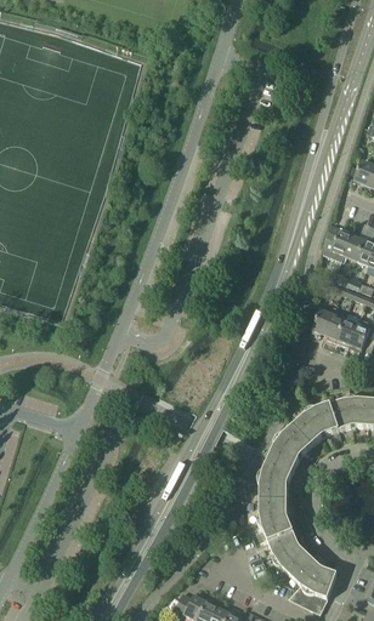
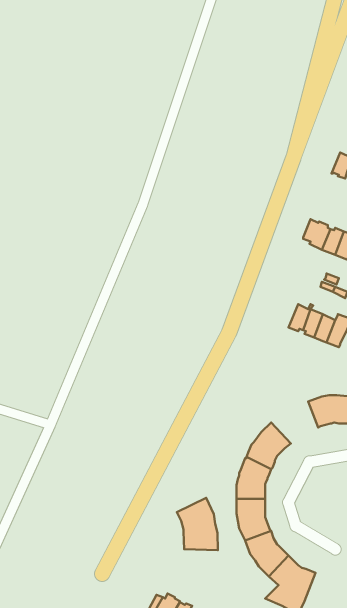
building: [294,404,340,445] -> none
building: none -> [177,498,218,550]

